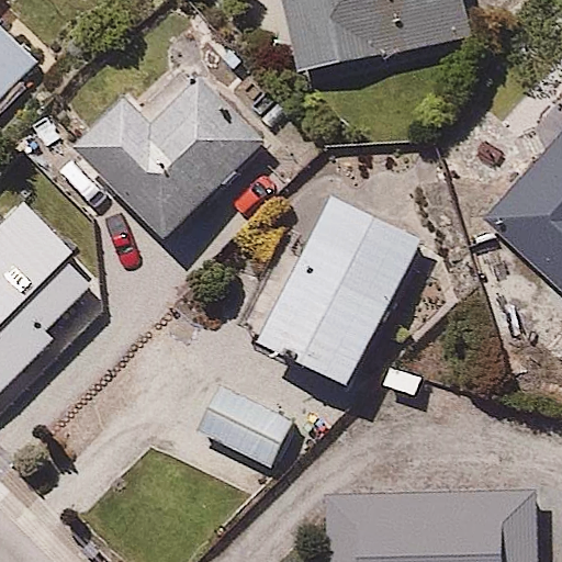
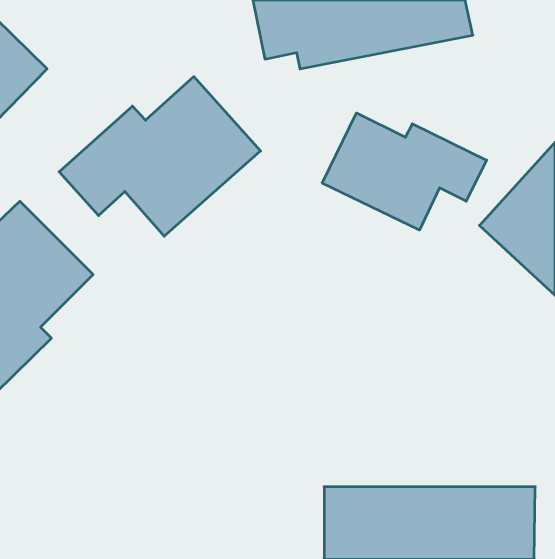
building: none -> [322,113,487,230]
building: [258,192,428,391] -> none
building: [194,387,285,467] -> none

